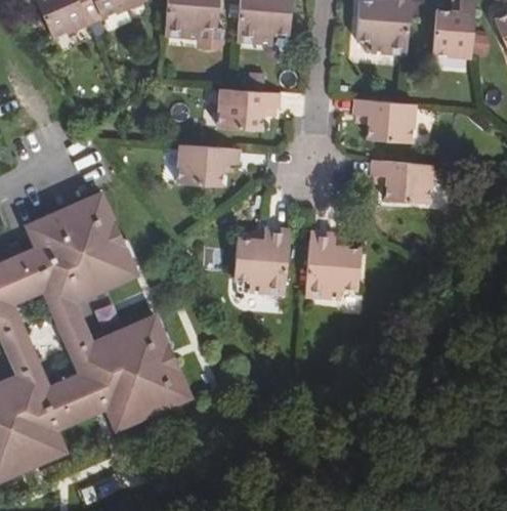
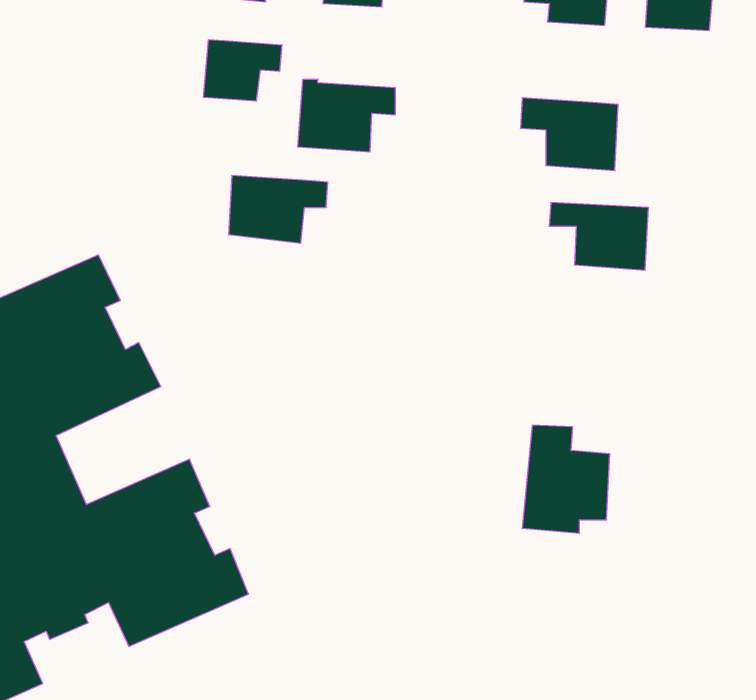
building: none -> [204,40,282,101]
building: [236,227,287,293] -> none
building: [305,231,358,297] -> [522,425,610,533]

